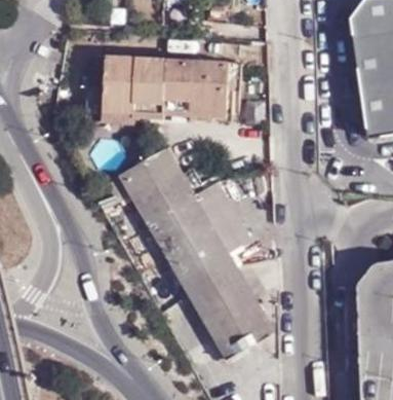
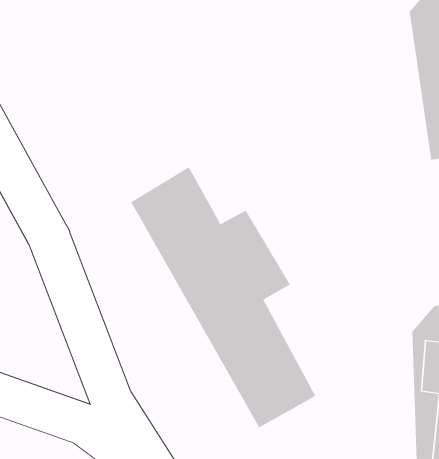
building: [85,54,241,114] -> none

